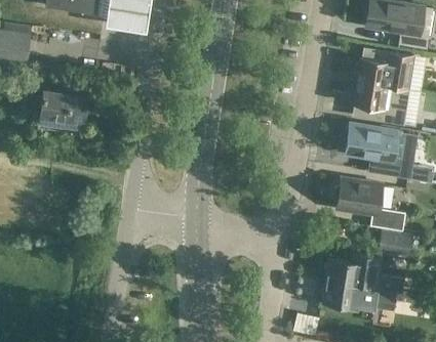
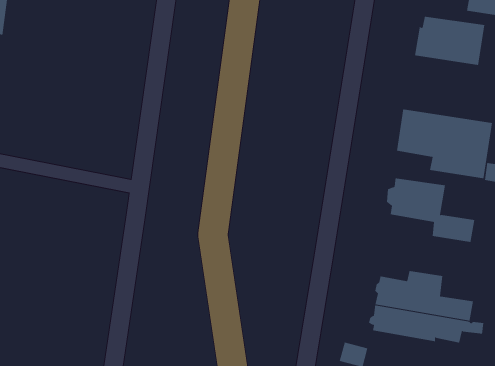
building: [354,80,409,123] -> none
building: [40,89,87,133] -> none
building: [378,228,411,256] -> none

